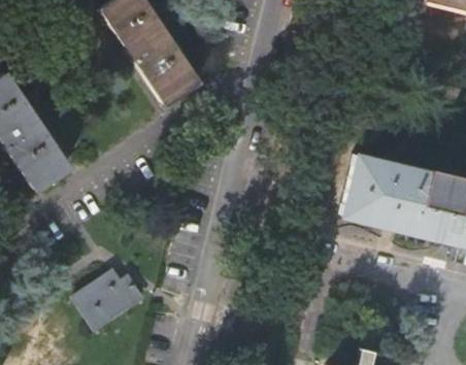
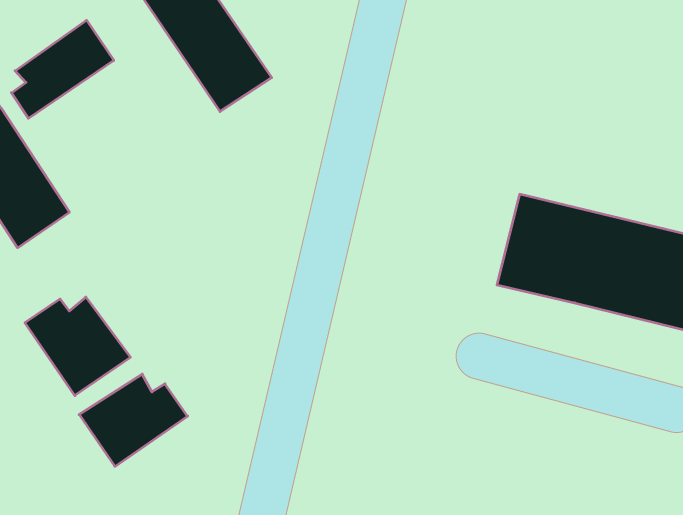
building: none -> [11,20,114,118]
building: none -> [25,297,130,396]

